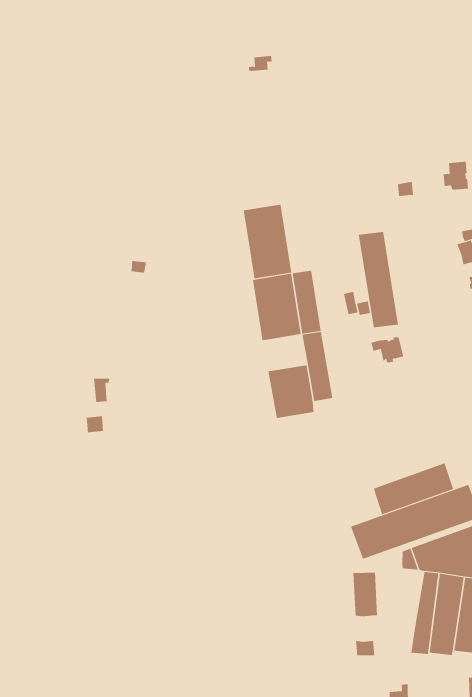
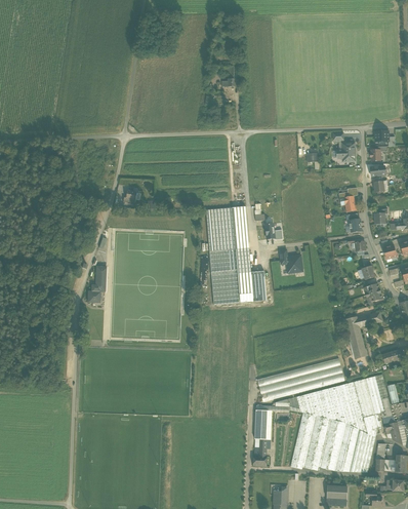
building: [243,204,292,279] -> none
building: [358,231,399,328] -> none
building: none -> [209,248,238,271]
building: [373,462,454,515] -> none

